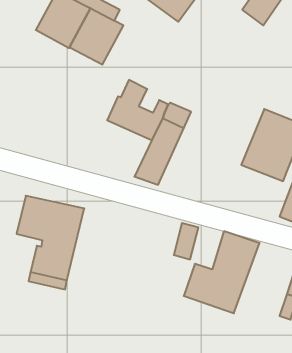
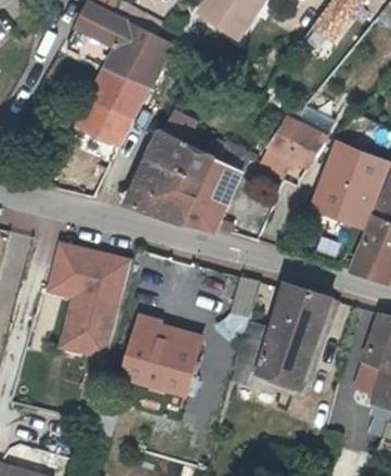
building: none -> [77,68,146,146]
building: none -> [260,110,324,177]
building: none -> [127,155,205,222]
building: none -> [122,321,198,399]

